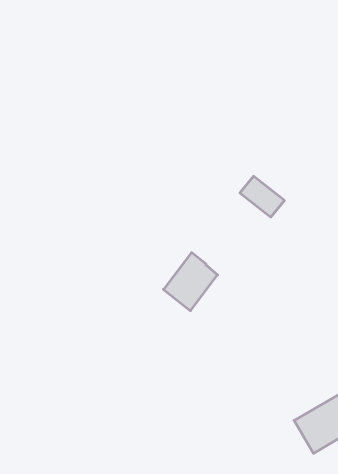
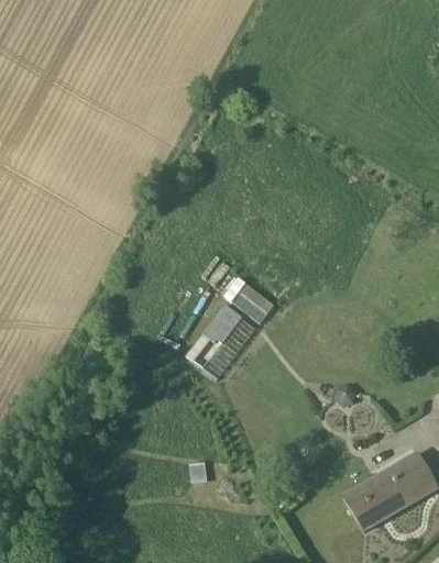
building: [240,176,284,217] -> [224,277,275,323]

